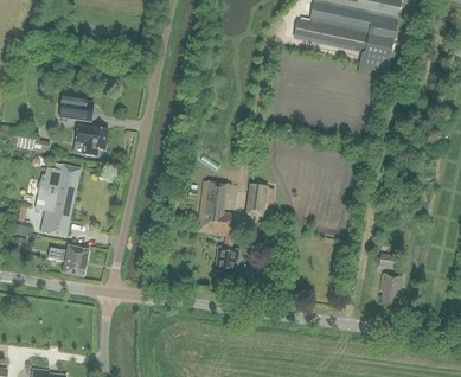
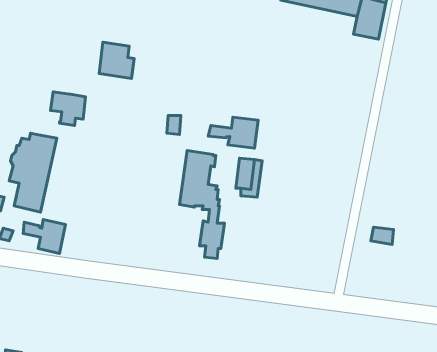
building: [59,85,92,120] -> [99,42,134,79]
building: none -> [208,117,258,148]
building: [380,273,402,305] -> none

